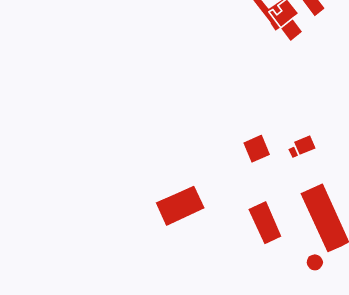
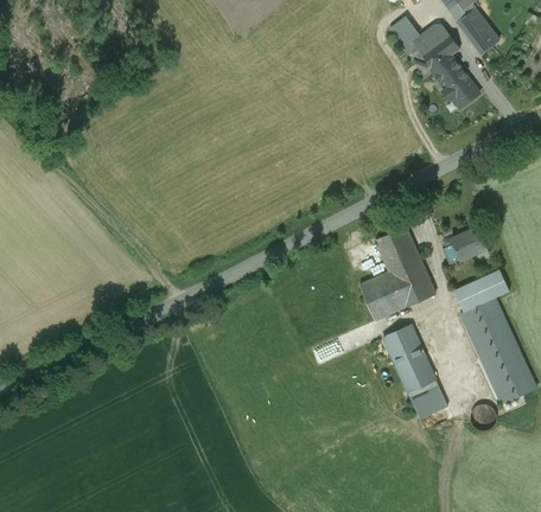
building: none -> [443,75,478,107]
building: none -> [452,269,509,312]
building: [155,185,206,227] -> [358,257,434,320]
building: none -> [407,378,444,412]

